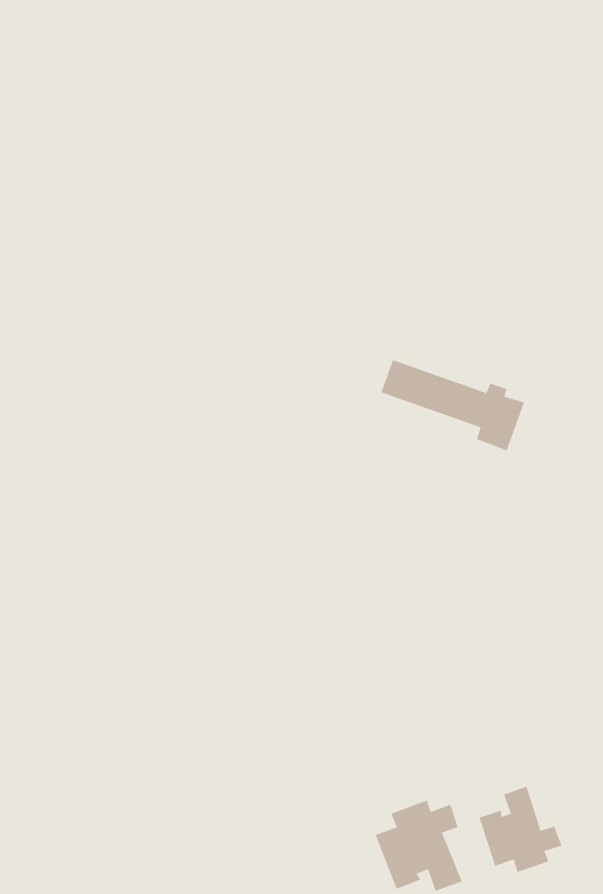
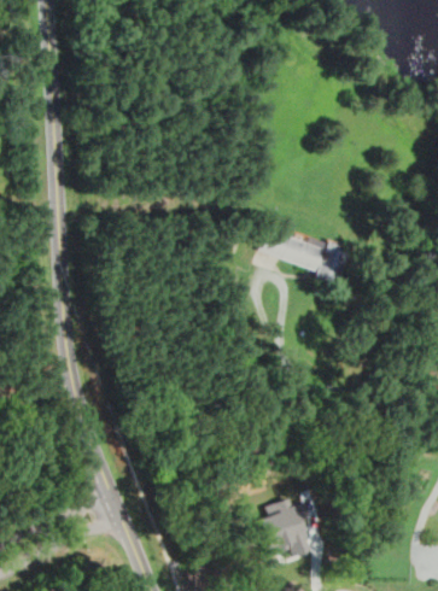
building: [479,786,562,873] -> none

